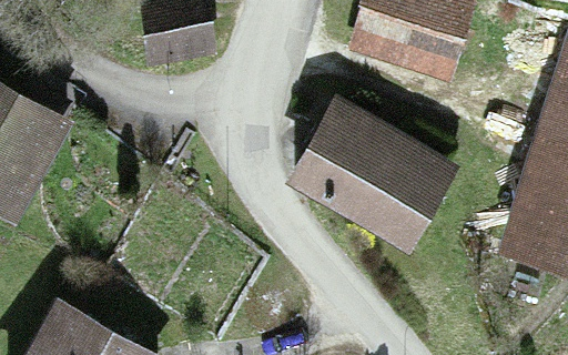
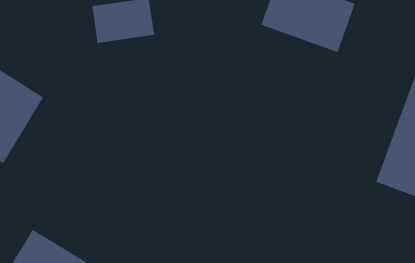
building: [290,102,449,243] -> none

